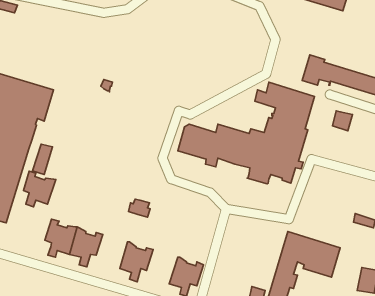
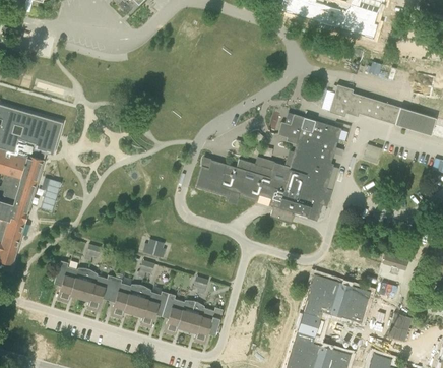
building: [24,171,56,207] -> none
building: none -> [109,277,142,317]
building: none -> [163,293,196,333]

